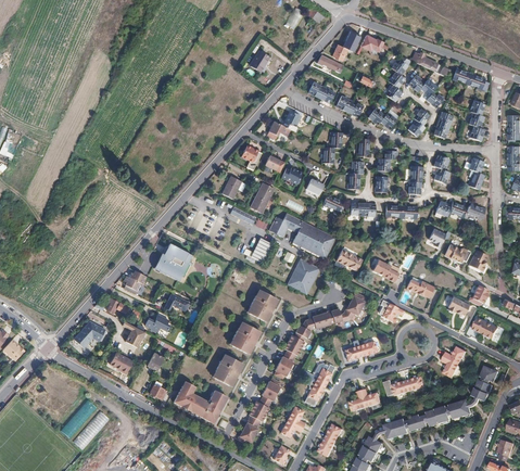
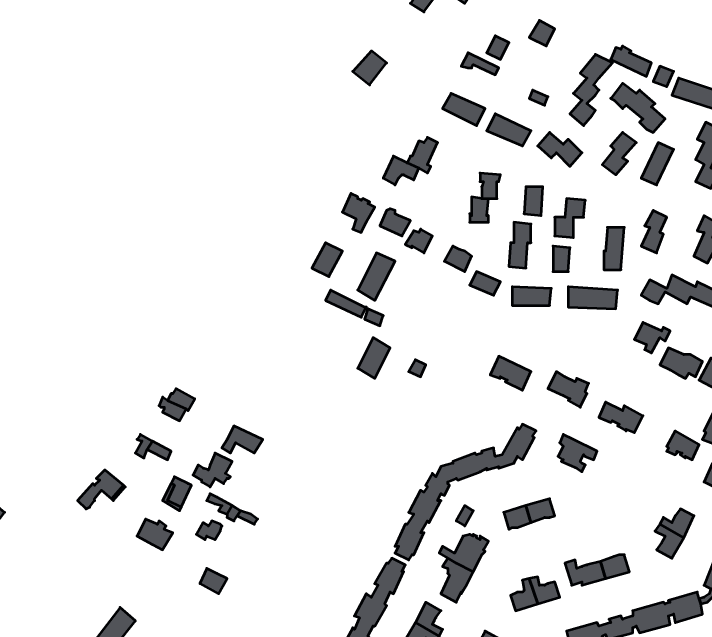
building: [269,212,335,257] -> none
building: [153,243,192,279] -> none
building: [287,257,319,293] -> none
building: [248,289,274,318] -> none
building: [231,321,257,351] -> none
building: [214,354,241,383] -> none
building: [174,380,226,422] -> none

